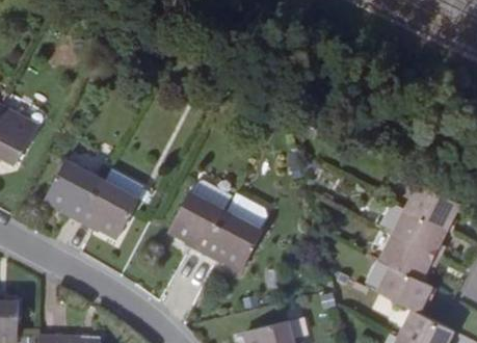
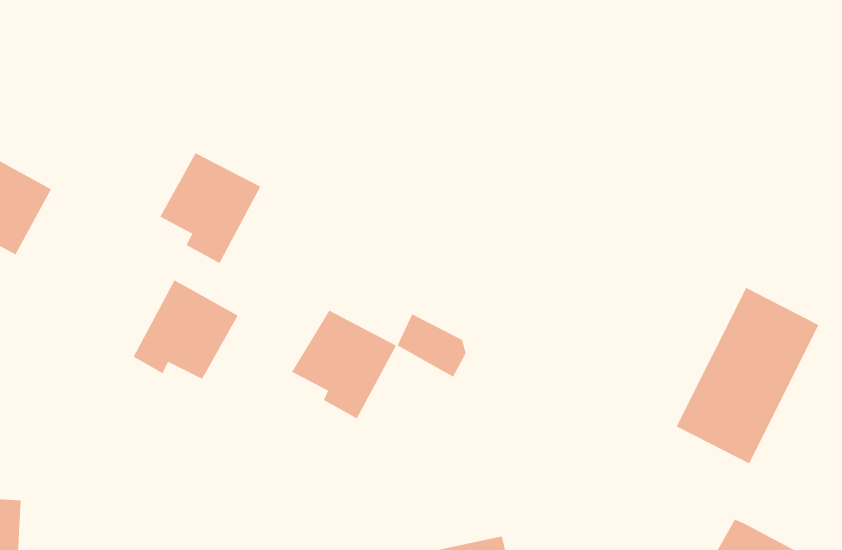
building: [47,160,103,221] -> [159,153,261,264]
building: [204,215,260,269] -> none
building: [376,265,430,313] -> none

